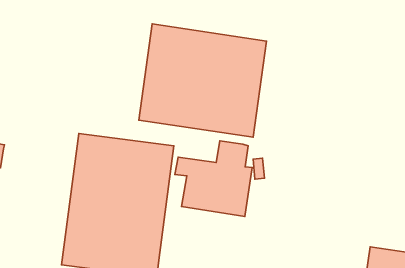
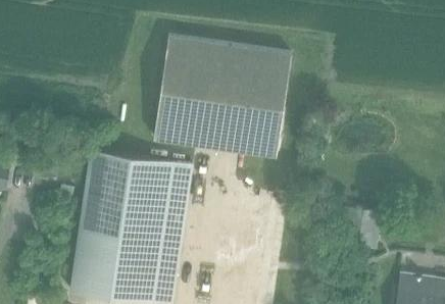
building: [175,141,252,216] -> none

